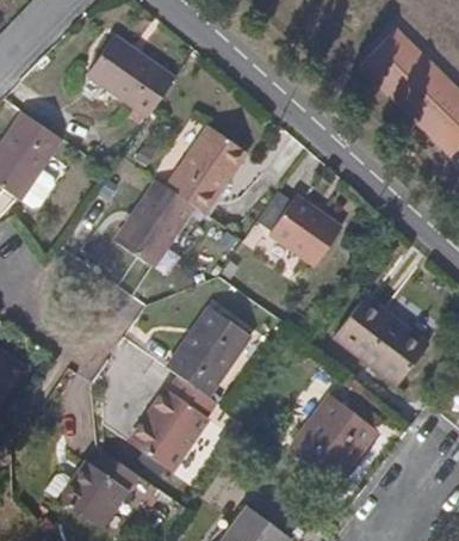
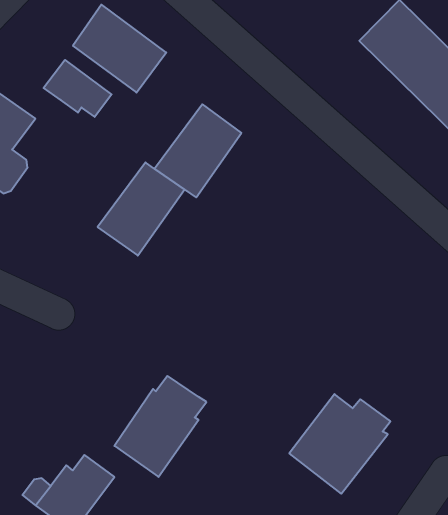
building: none -> [44,60,112,117]
building: [258,193,341,269] -> none
building: [337,296,432,385] -> none
building: [166,309,249,396] -> none

